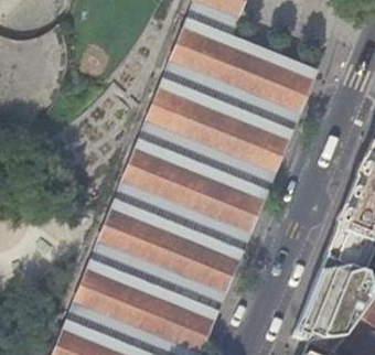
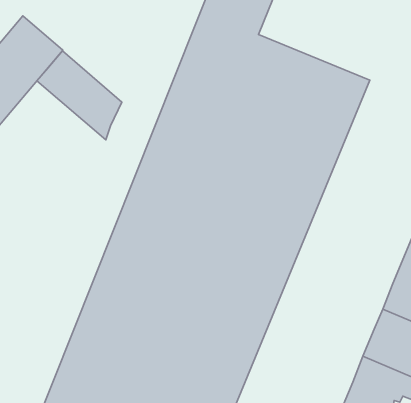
building: none -> [37,51,122,140]

